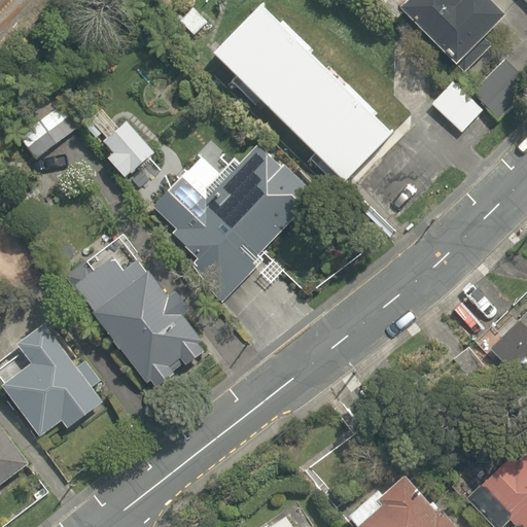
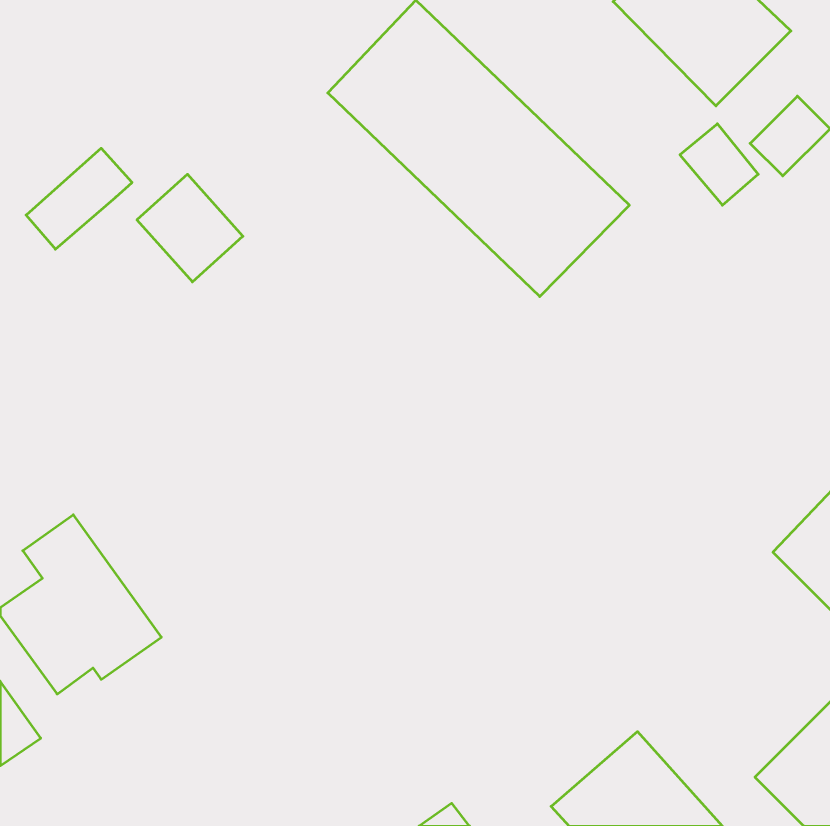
building: [151,135,320,308] -> none
building: [65,238,210,391] -> none

